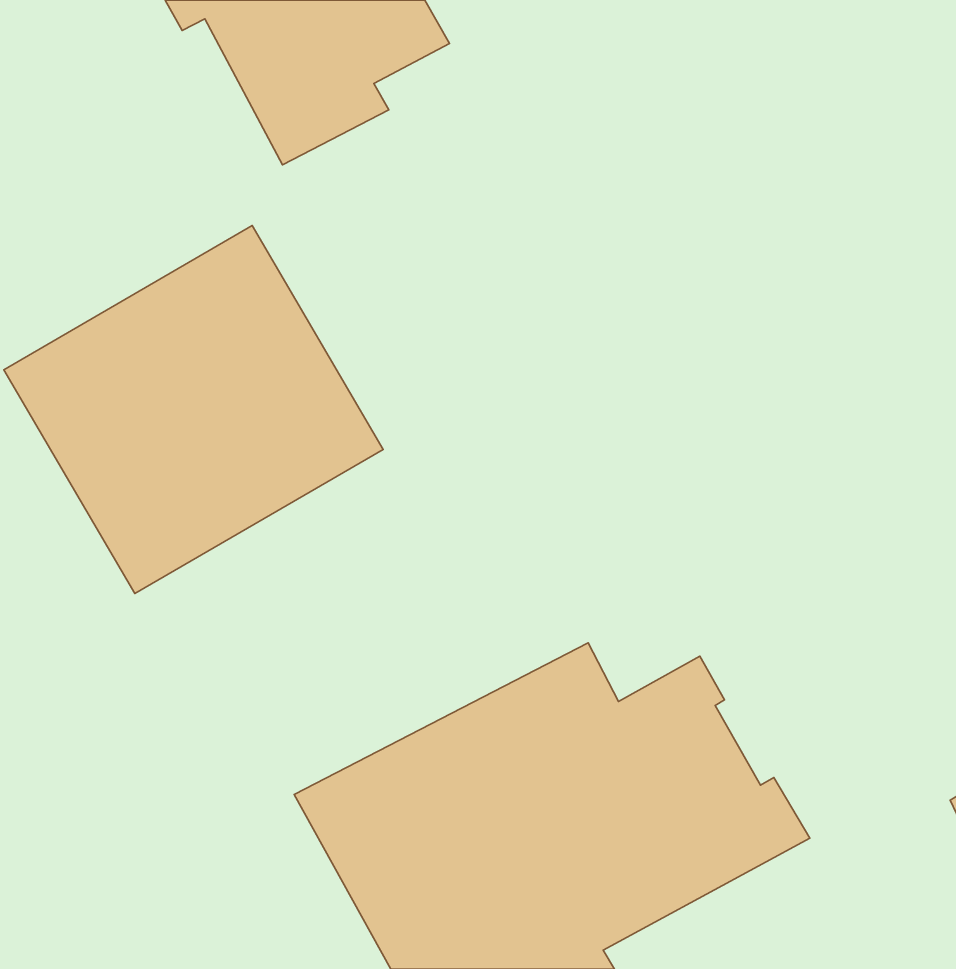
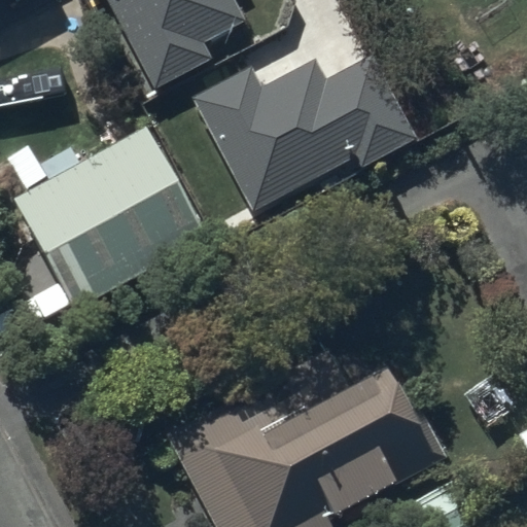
building: none -> [190,52,414,211]

